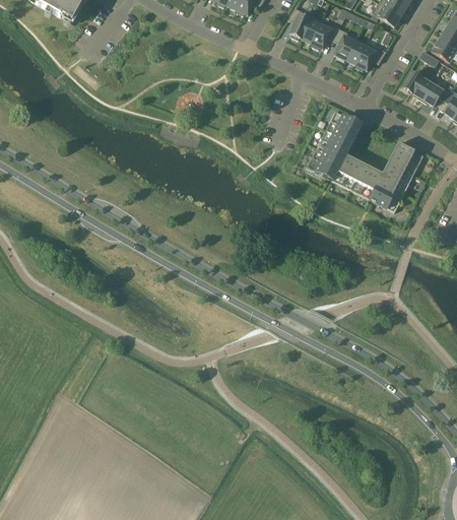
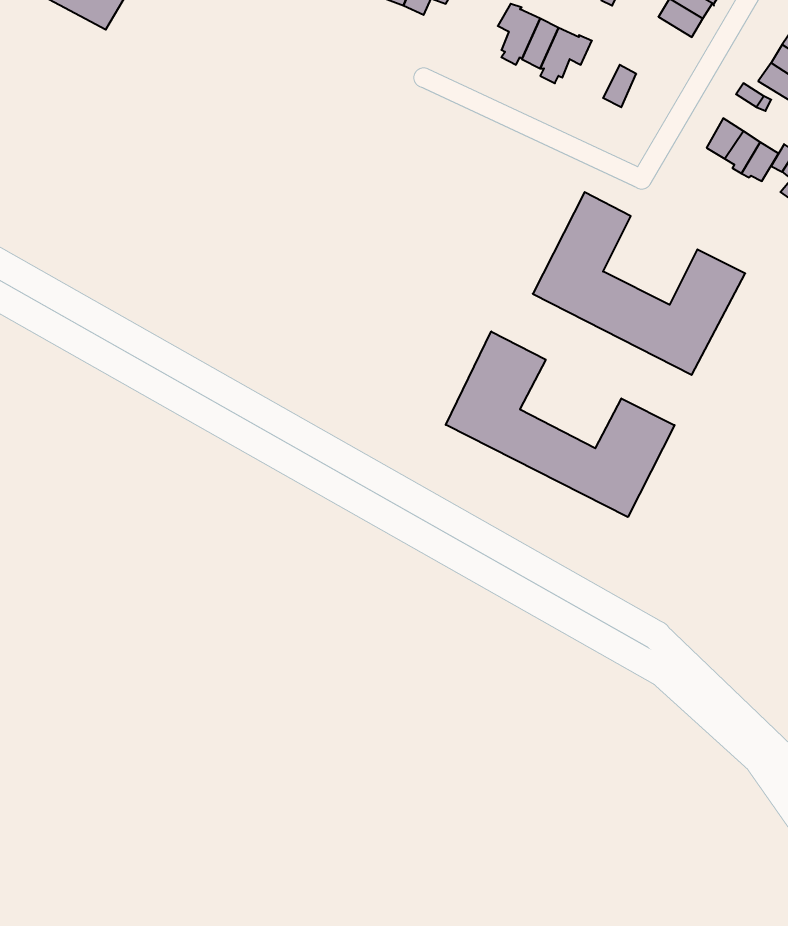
building: [334,27,357,59] -> none
building: [356,42,387,69] -> none
building: none -> [446,331,675,517]

